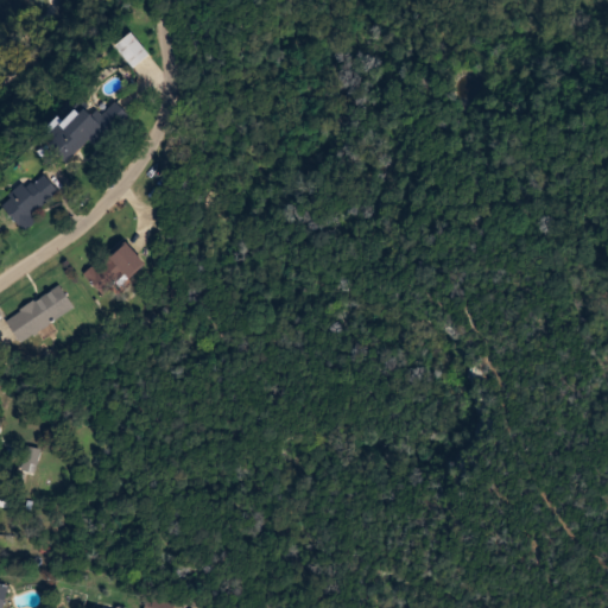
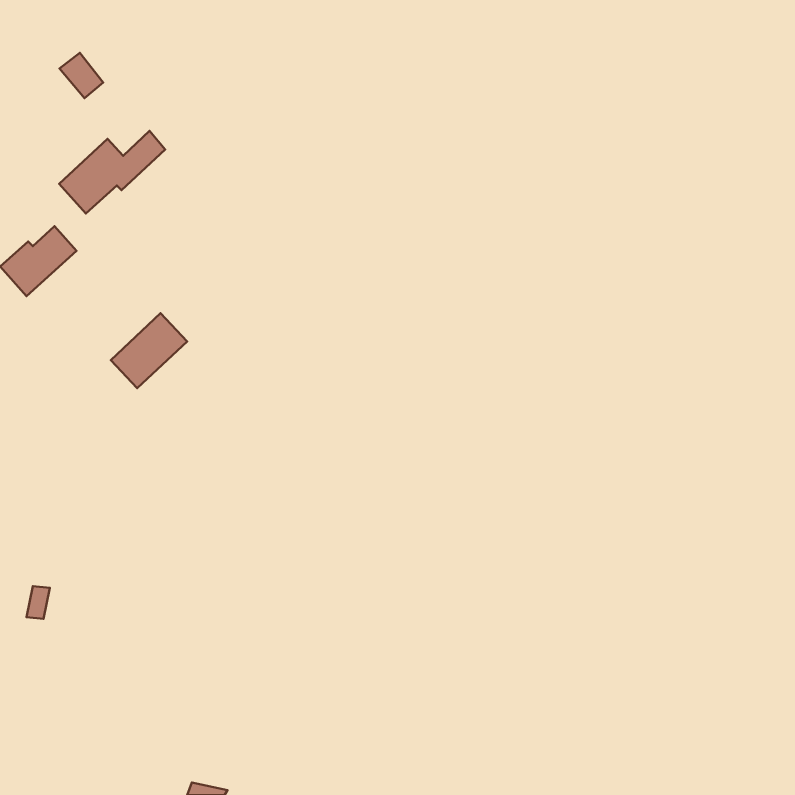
building: [114,31,147,65] -> [60,53,103,98]
building: [5,285,72,340] -> none

